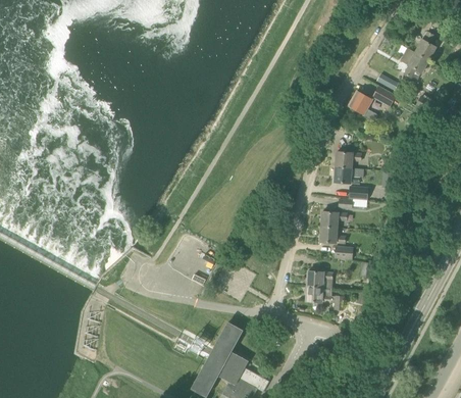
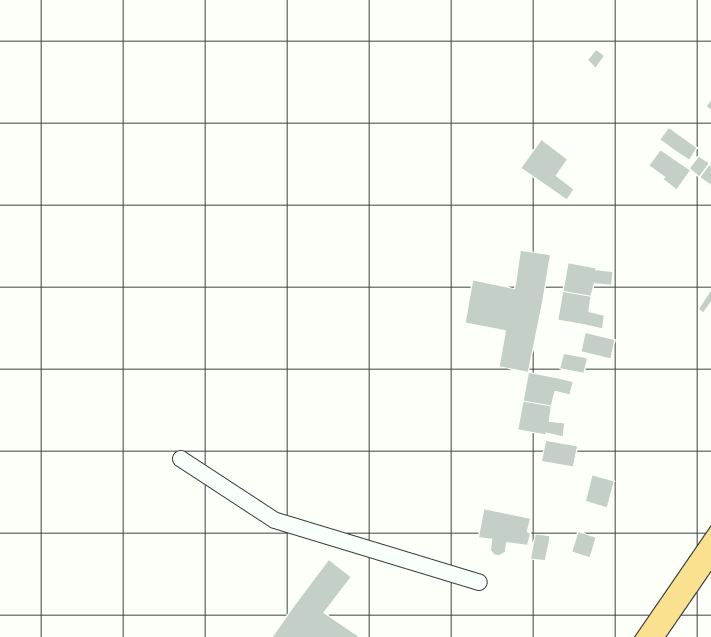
building: [348,90,377,120] -> [520,139,574,200]
building: none -> [465,250,551,373]
building: [307,270,332,288] -> none

